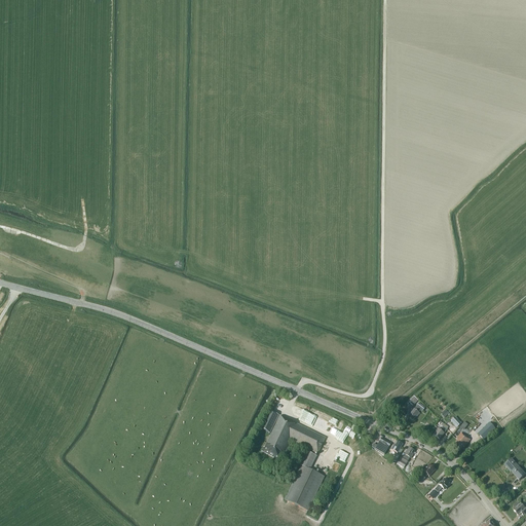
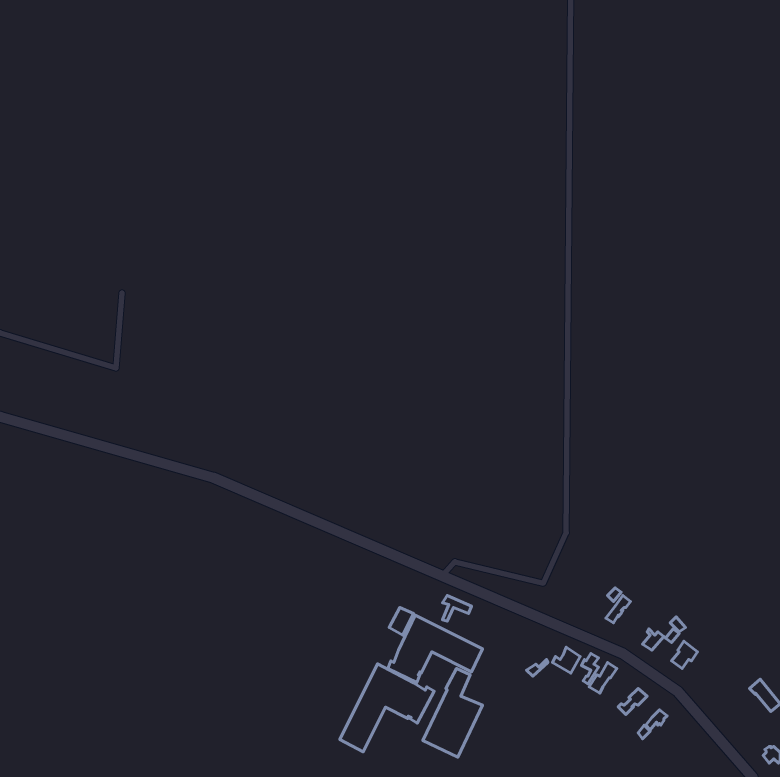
building: none -> [340,664,434,752]

